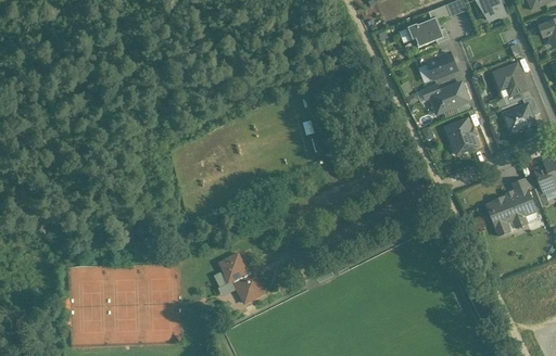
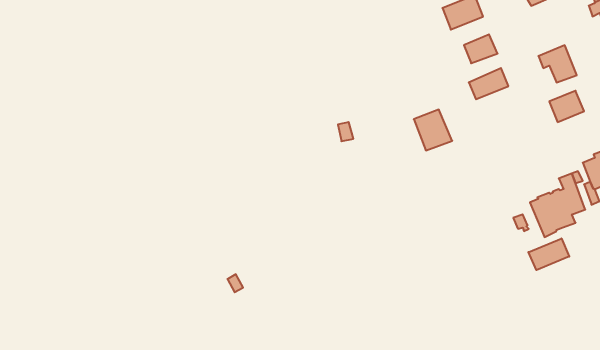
building: [444,117,479,154] -> [414,110,452,150]
building: none -> [528,238,569,270]
building: [218,253,263,302] -> none

